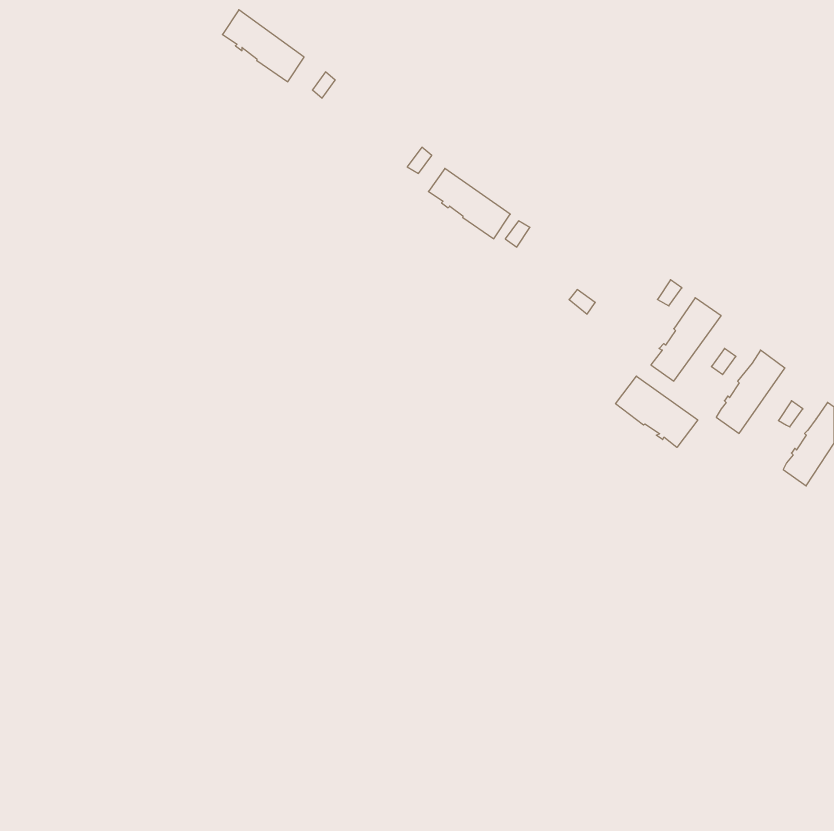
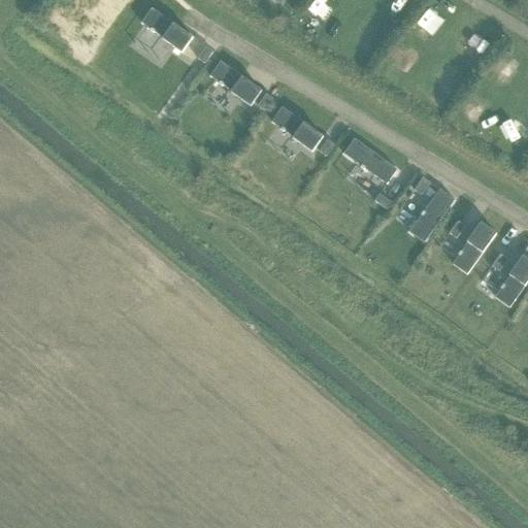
building: none -> [209,60,261,105]
building: none -> [341,137,394,182]
building: [616,376,698,447] -> none

